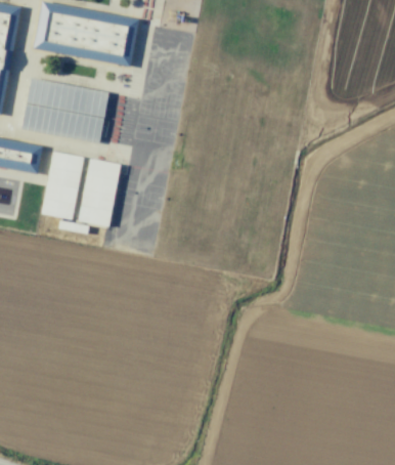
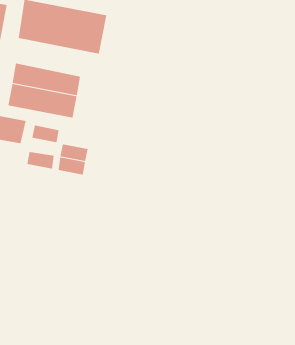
building: [88,158,122,179] -> none
building: [48,166,82,187] -> none
building: [43,198,77,219] -> none
building: [79,205,114,226] -> none

